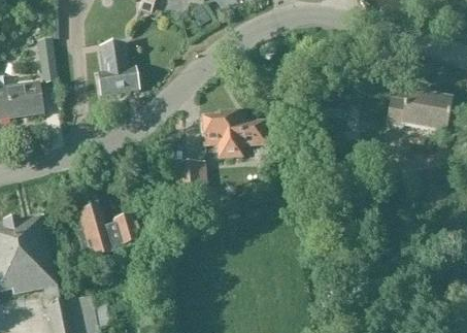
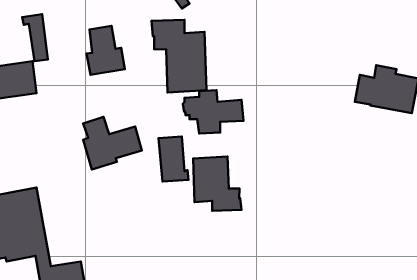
building: none -> [151,20,206,92]
building: none -> [193,156,241,211]
building: [78,205,141,262] -> [83,117,142,170]

